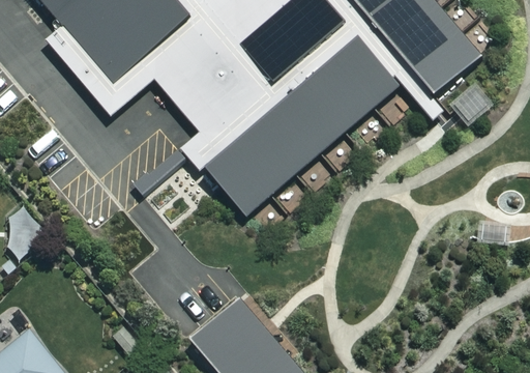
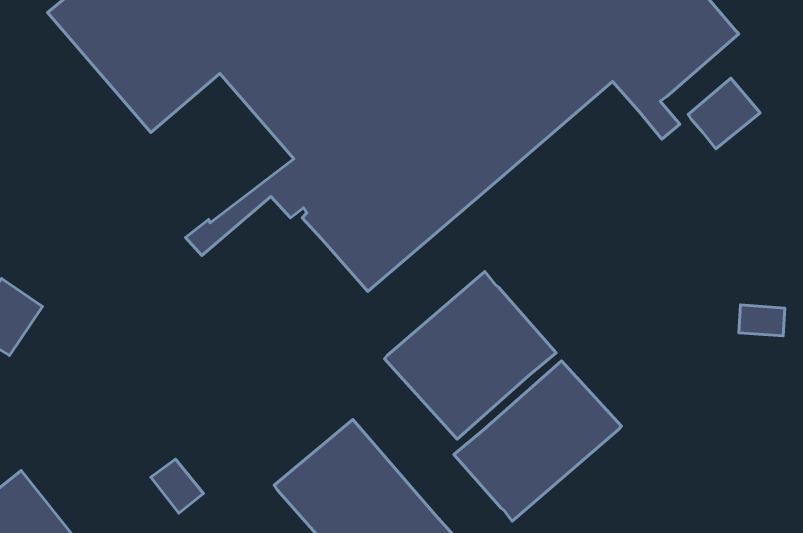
building: none -> [384,271,556,439]
building: none -> [454,361,621,521]

